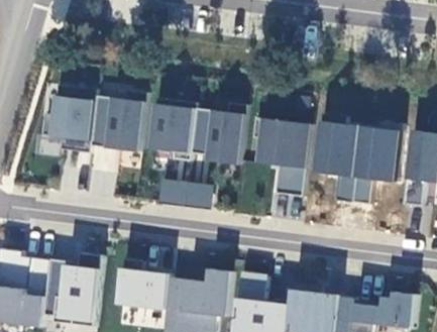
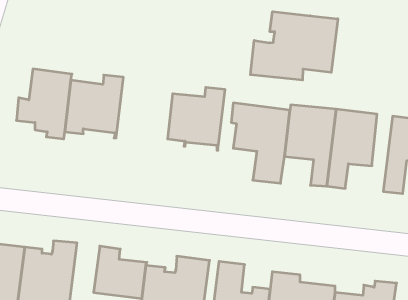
building: none -> [250,12,338,80]
building: [149,98,196,161] -> none
building: [153,178,208,205] -> none

